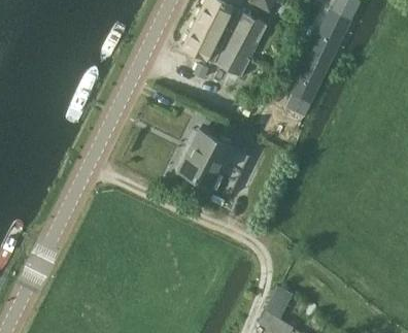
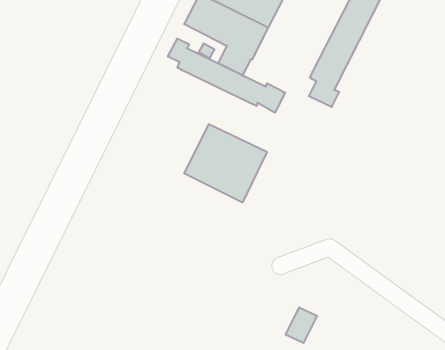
building: none -> [168,38,285,113]

